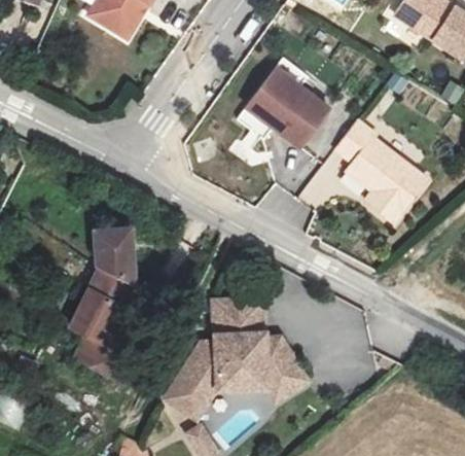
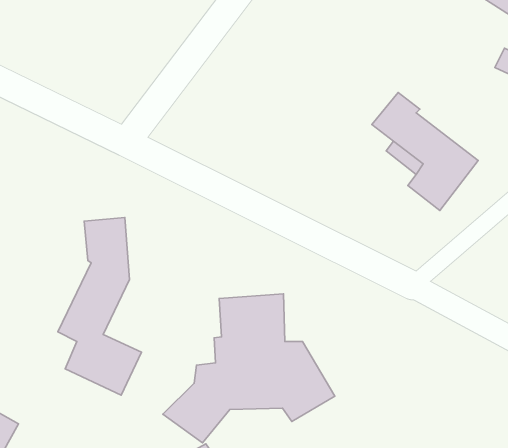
building: [240,57,331,145] -> none

